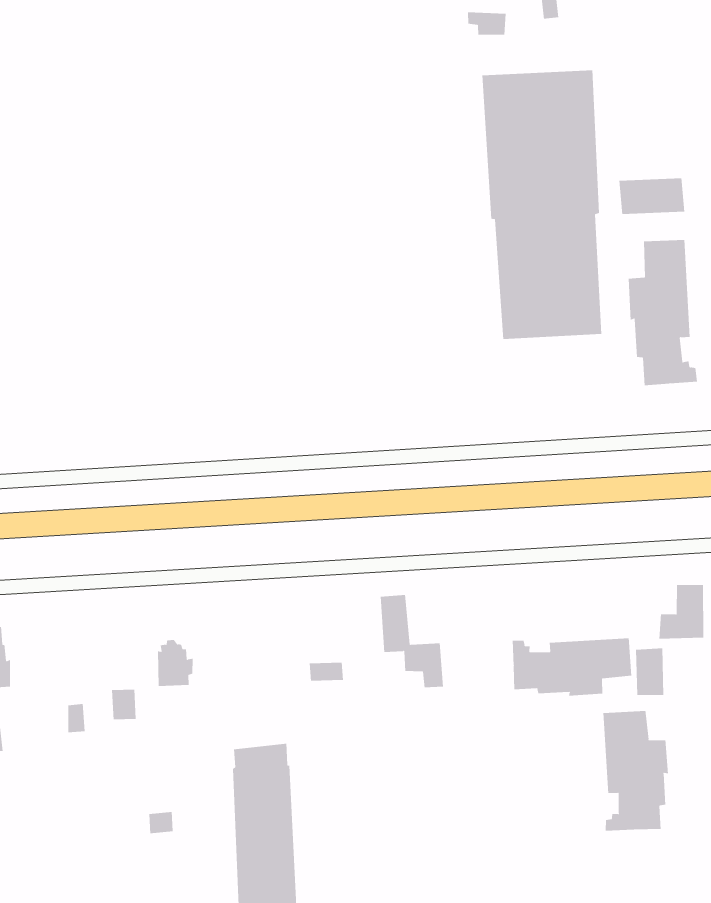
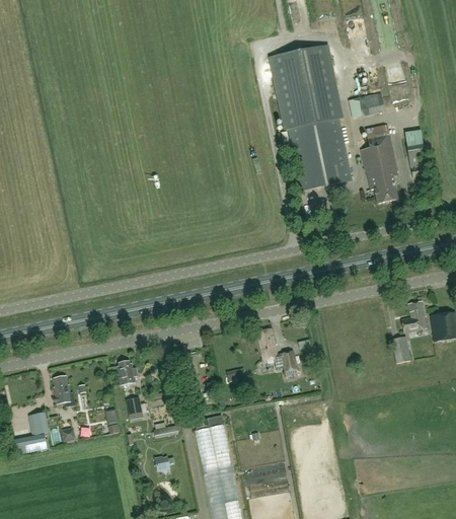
building: [512,638,632,697] -> none
building: [157,640,194,687] -> [117,358,137,383]
building: [603,710,668,831] -> none

